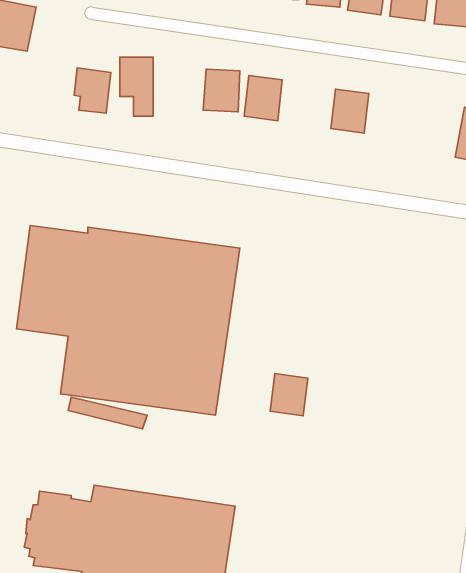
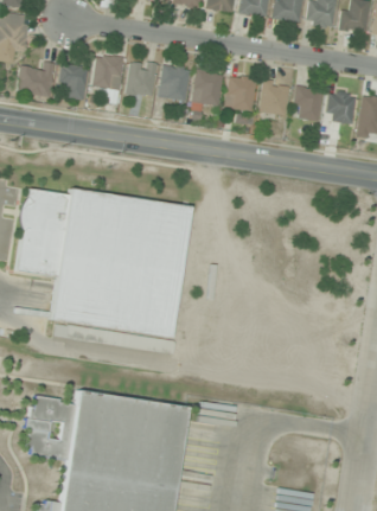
building: none -> [127,60,158,96]
building: none -> [19,62,56,96]
building: none -> [226,75,257,110]
building: none -> [294,85,322,120]
building: none -> [327,90,356,123]
building: [270,373,308,416] -> none

